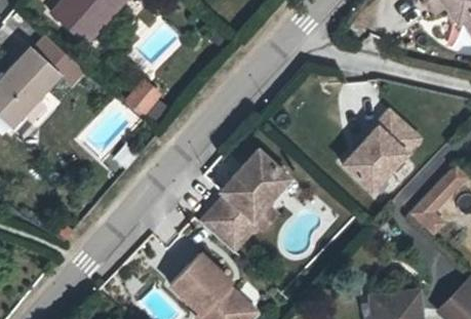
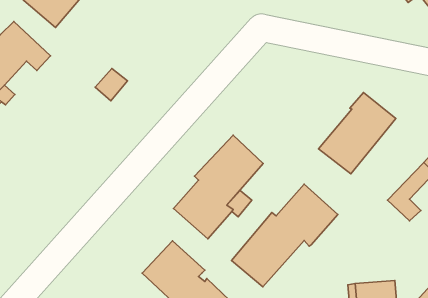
building: none -> [232,184,338,287]

